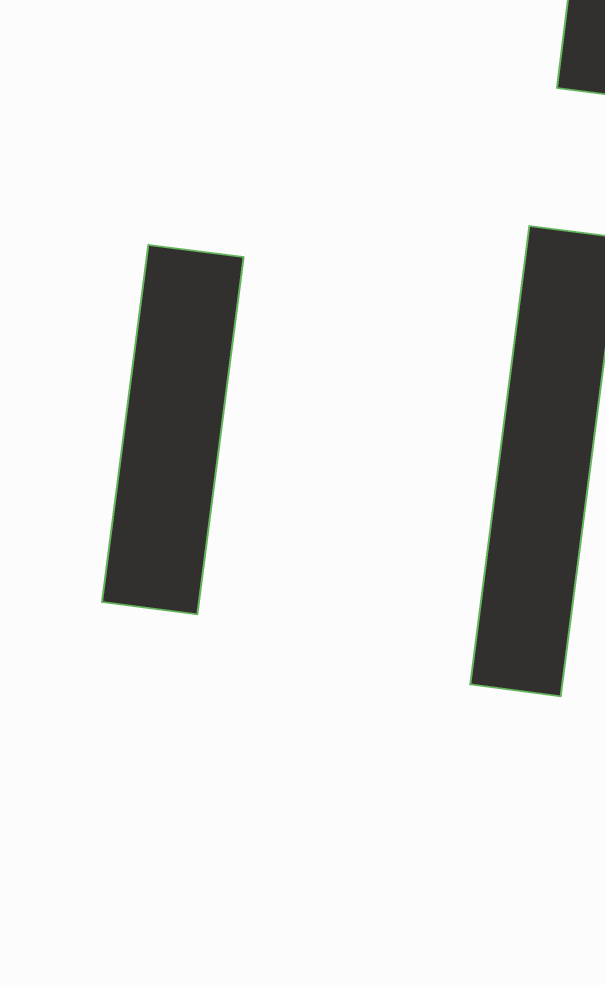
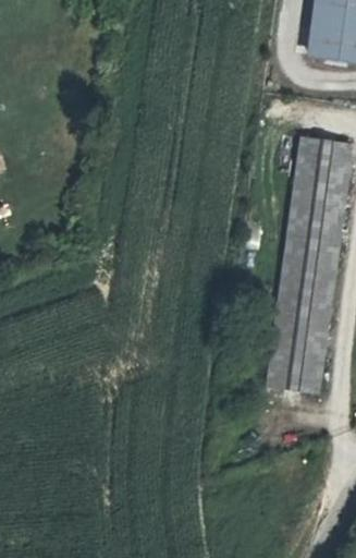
building: [102,245,243,614] -> none

